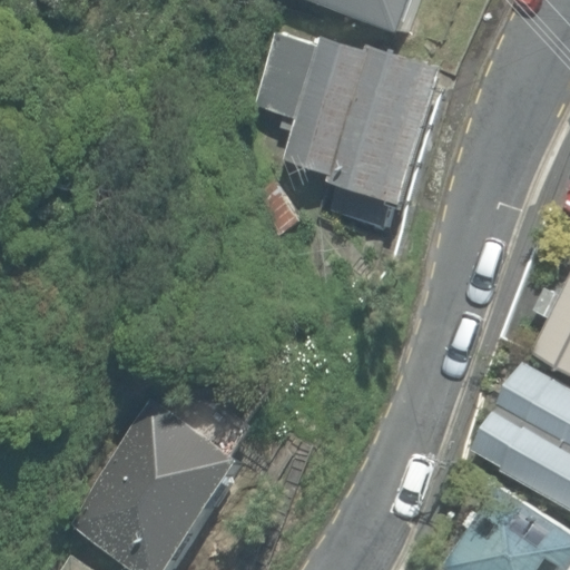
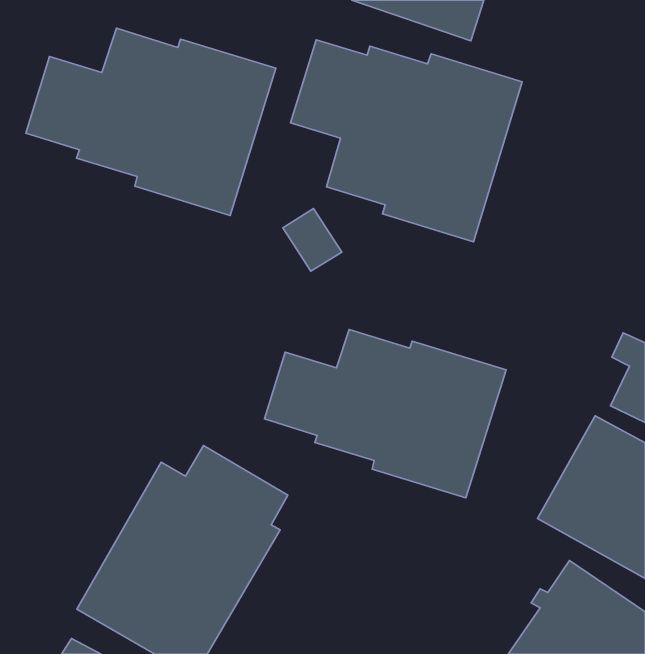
building: none -> [26,28,276,215]
building: none -> [264,329,506,498]

